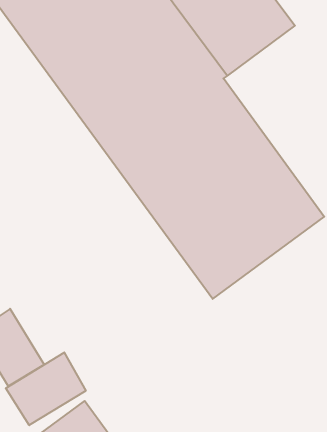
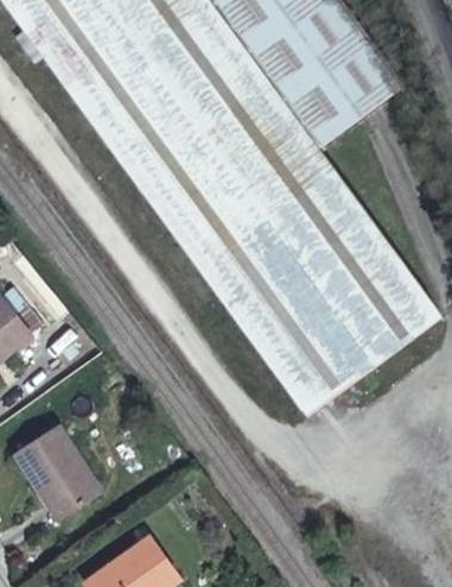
building: [6,352,86,425] -> none

